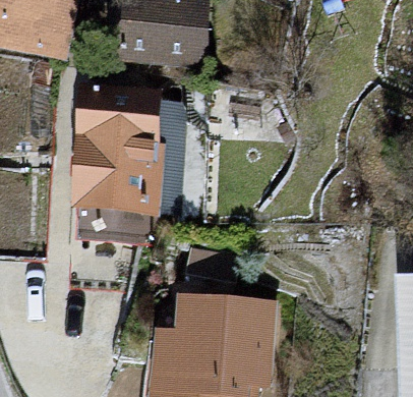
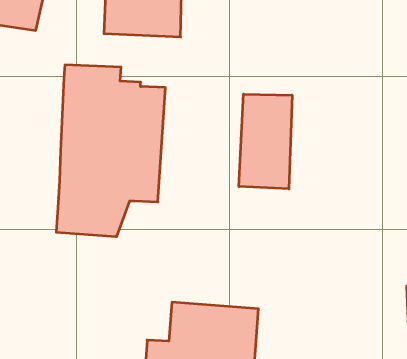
building: none -> [239,94,292,189]

